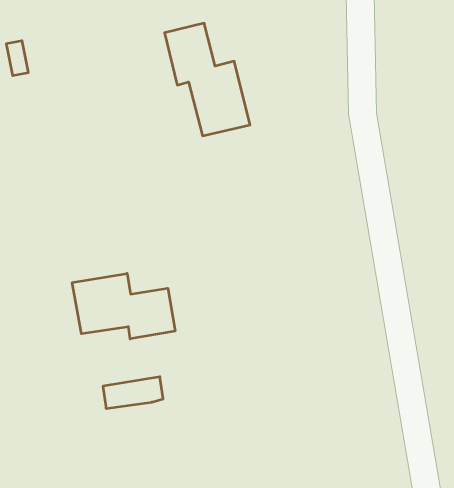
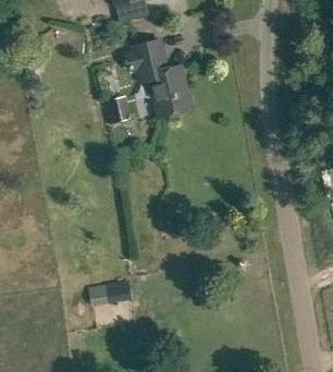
building: [72,273,175,339] -> none

